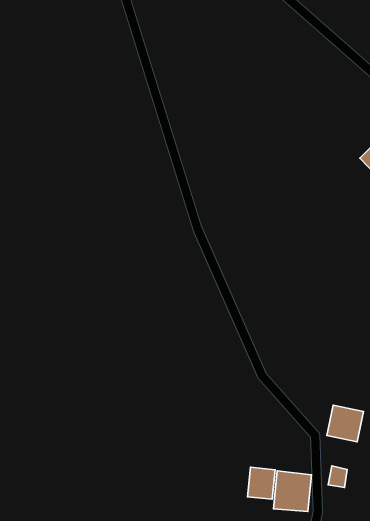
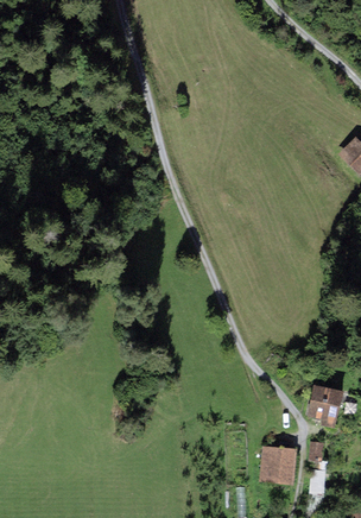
building: [247,467,275,499] -> none

